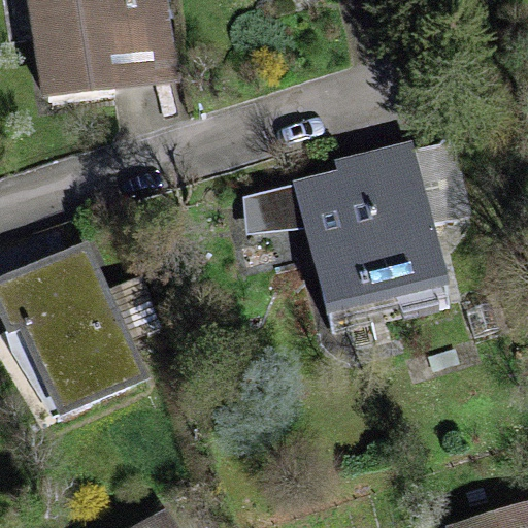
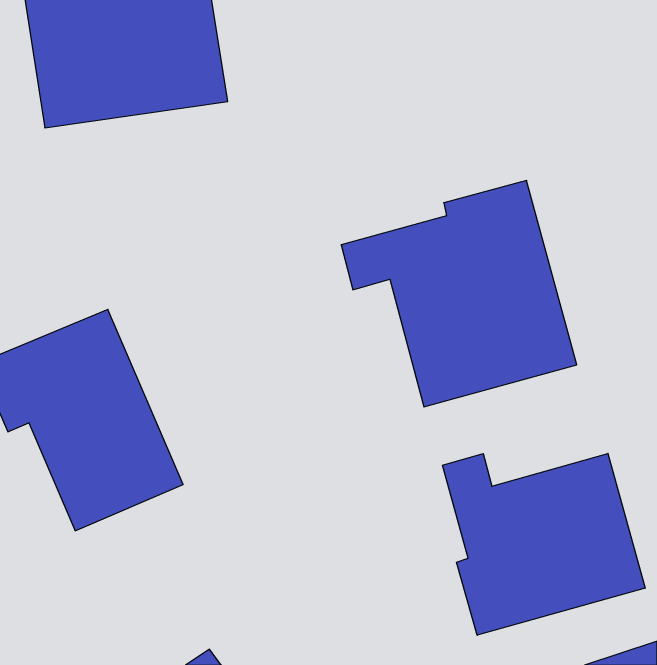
building: none -> [442,453,645,635]

